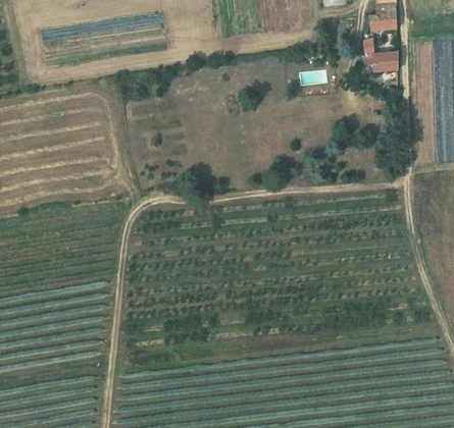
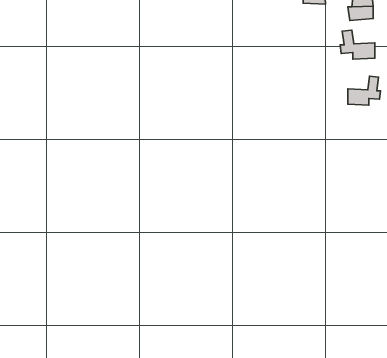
building: none -> [348,76,380,105]

